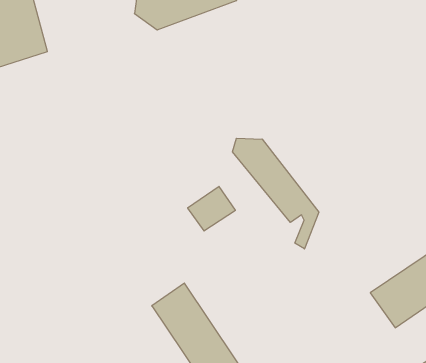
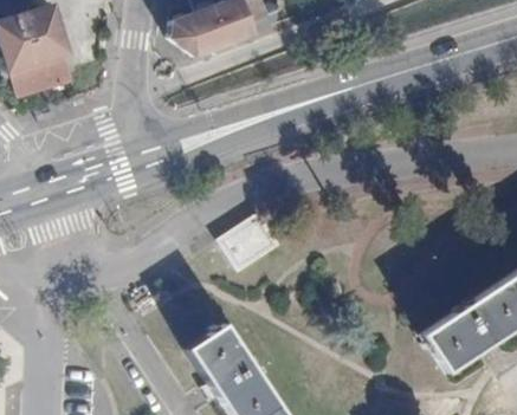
building: [233,138,319,249] -> none

